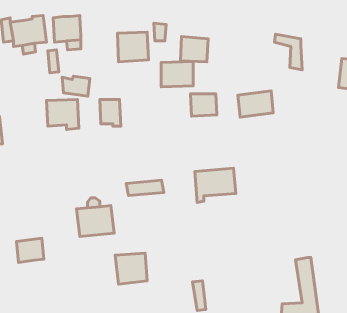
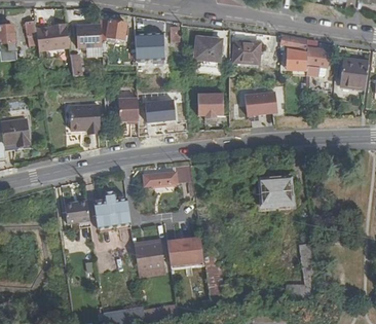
building: none -> [235,41,260,62]
building: none -> [305,41,328,76]
building: [161,61,193,87] -> [143,100,173,123]
building: [62,76,90,96] -> [100,23,125,41]
building: [195,168,236,202] -> [253,175,291,207]
building: [16,238,44,262] -> [65,196,90,219]
building: none -> [166,232,202,263]

